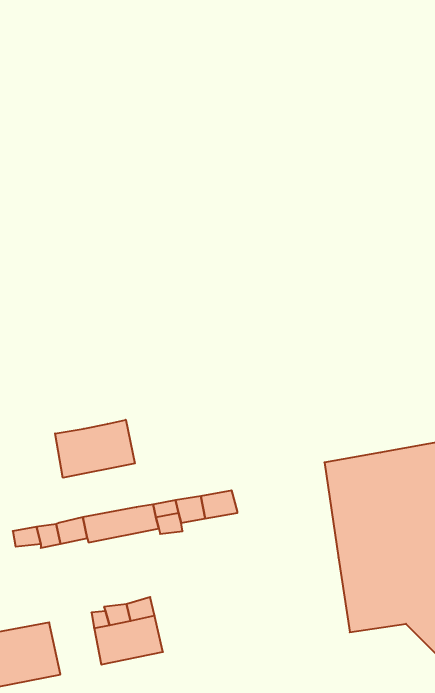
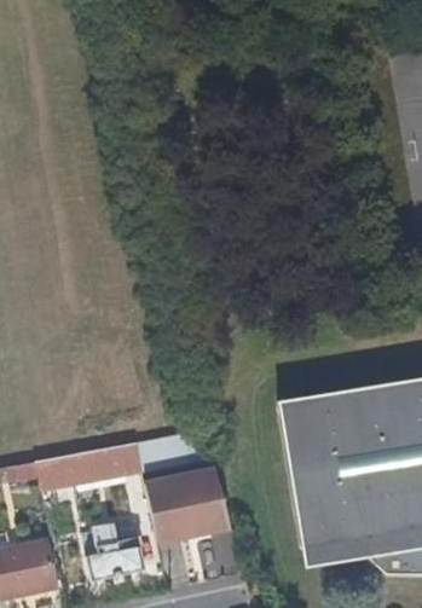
building: [55,420,135,478] -> none
building: none -> [144,469,229,543]

